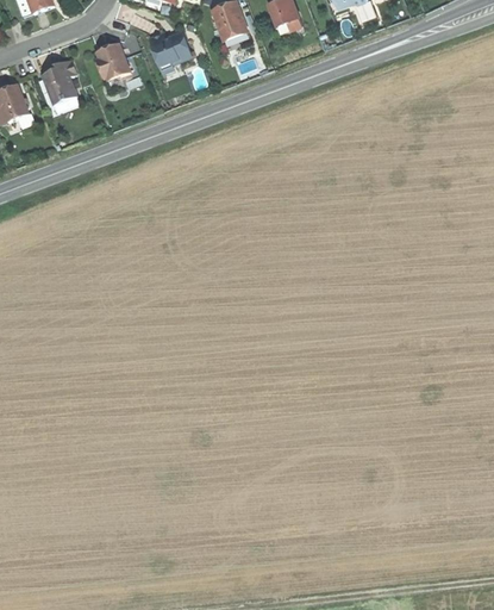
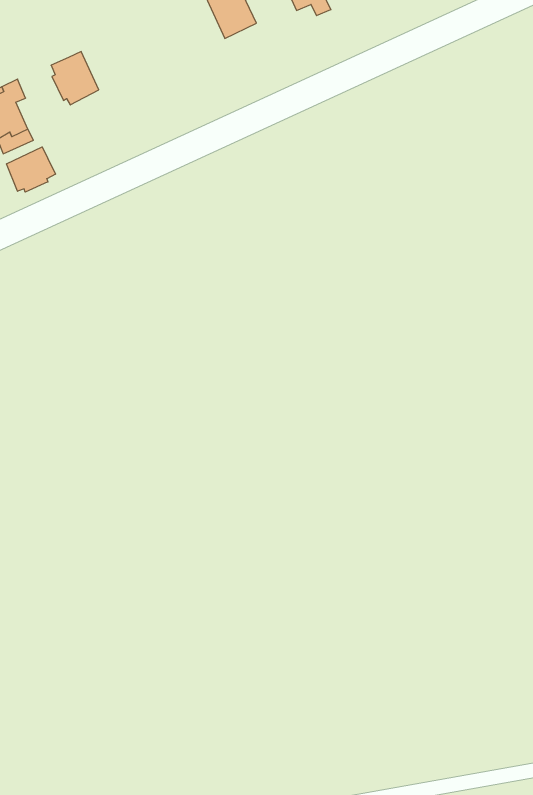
building: [146,30,189,74] -> none
building: none -> [7,147,55,192]

